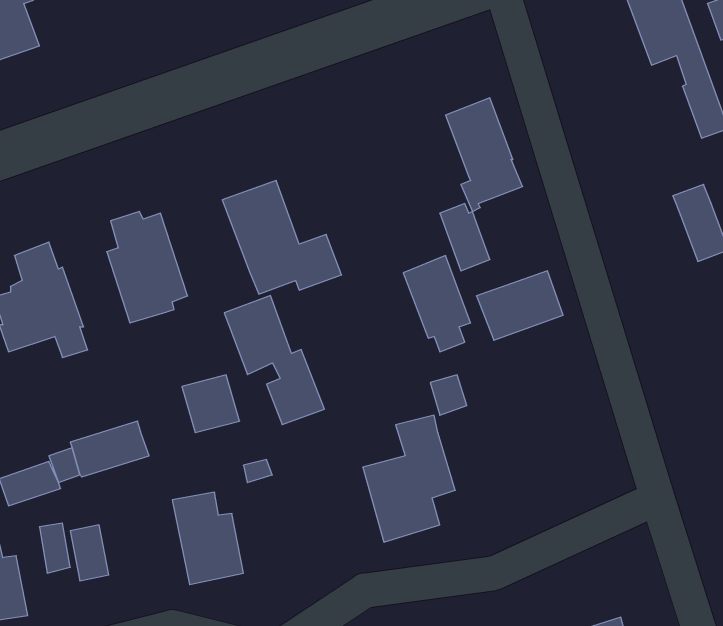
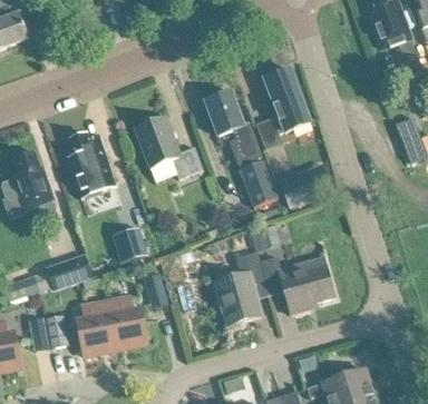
building: [224,296,324,425] -> [204,89,262,164]
building: none -> [259,255,334,313]
building: none -> [76,299,115,354]

